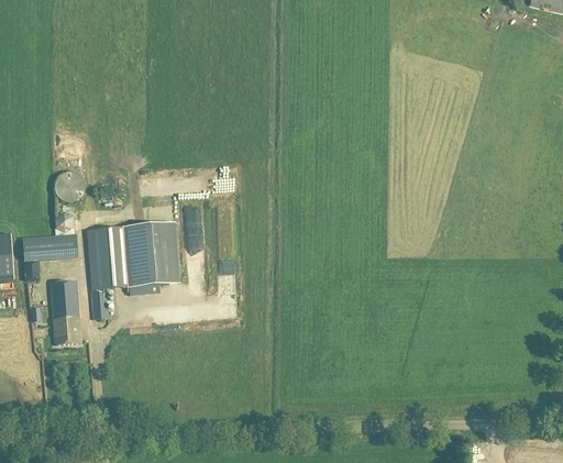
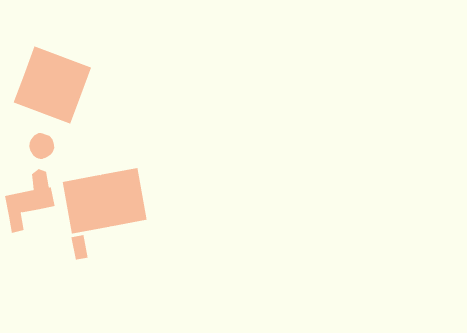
building: none -> [13,46,92,124]
building: [49,280,79,344] -> none

